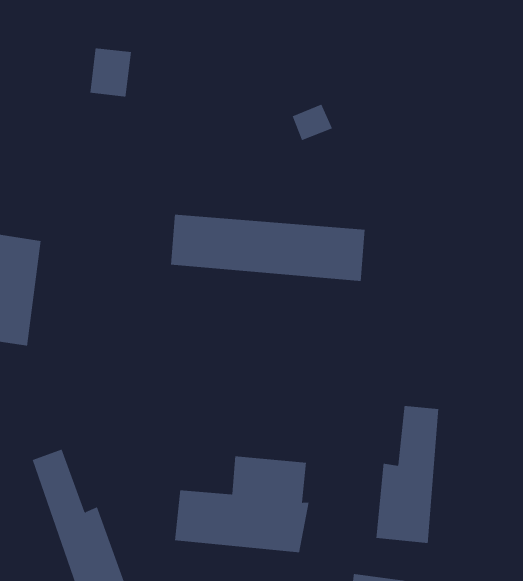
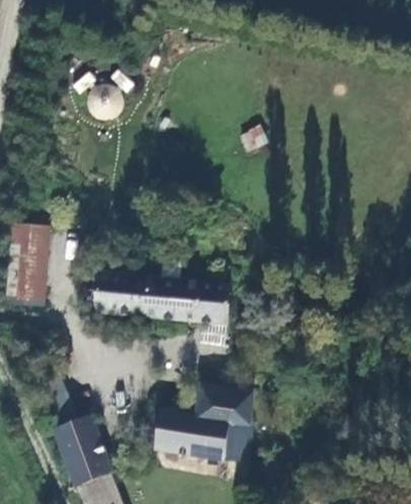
building: [170,214,366,281] -> [89,276,234,326]
building: [376,405,439,544] -> none

